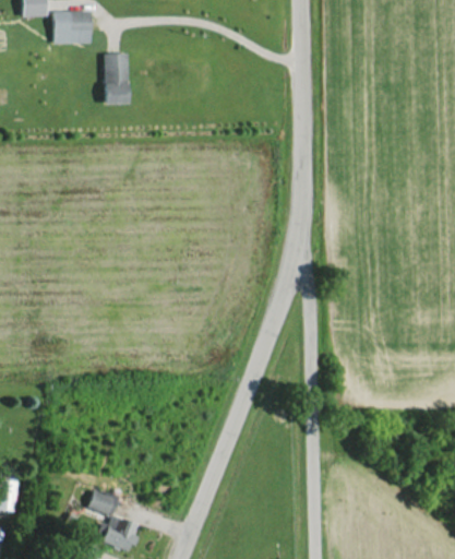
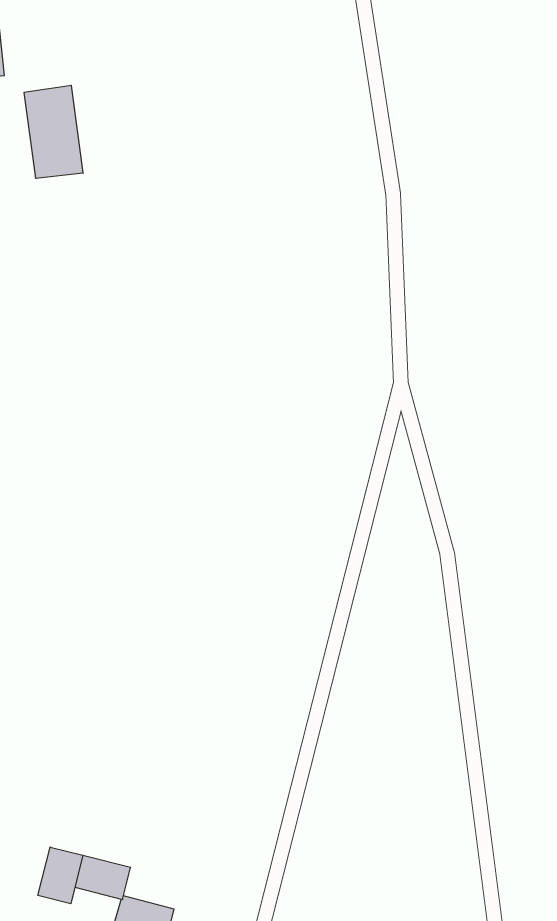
building: none -> [38,847,83,904]

